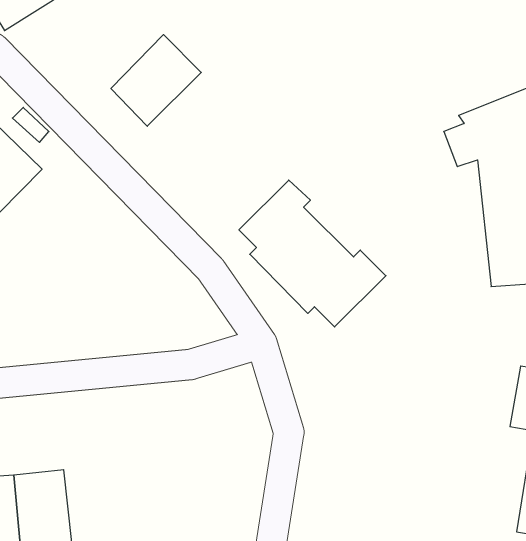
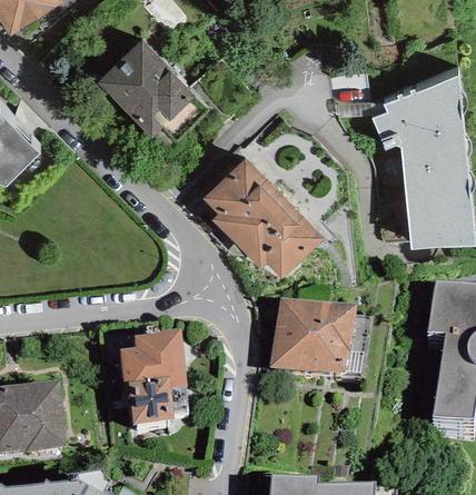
building: none -> [127,65,208,150]
building: none -> [268,310,357,393]
building: none -> [119,346,187,442]

